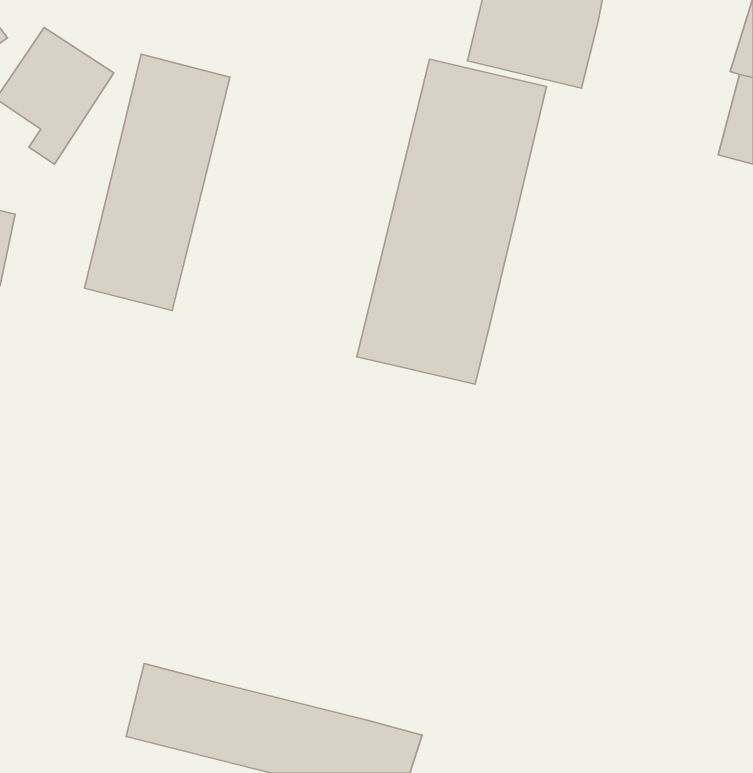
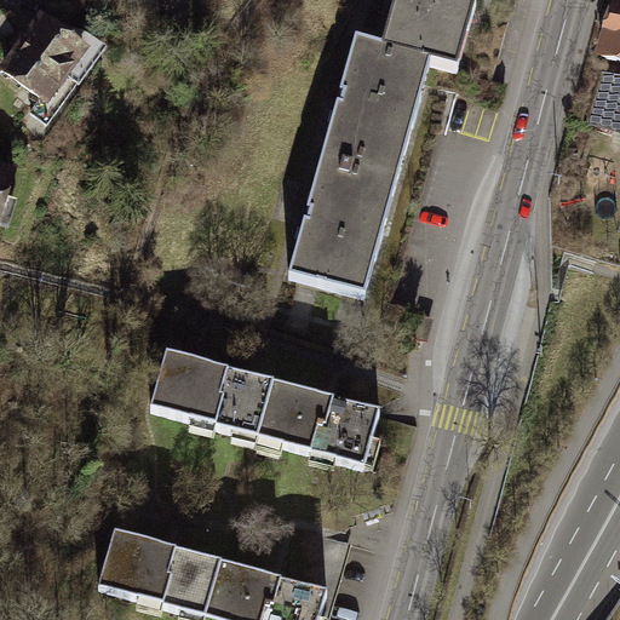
building: [84,54,230,311] -> none
building: none -> [137,344,373,469]

